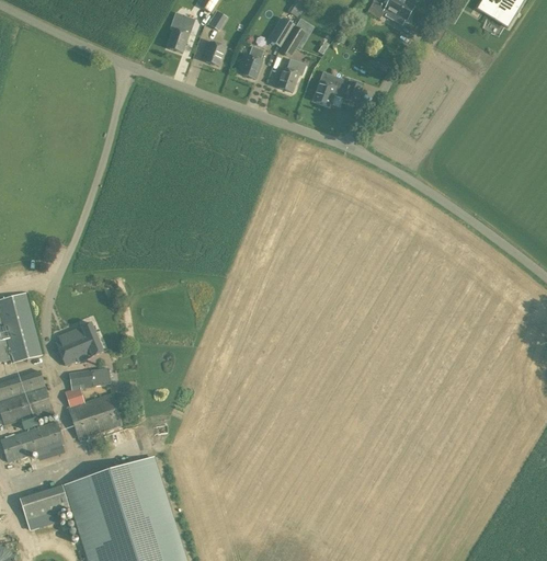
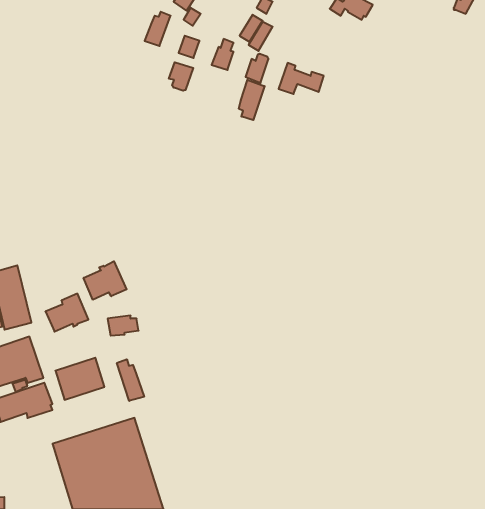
building: none -> [169,62,193,91]
building: none -> [239,80,265,120]
building: none -> [84,261,127,300]
building: [68,368,102,390] -> [108,316,139,336]
building: none -> [117,359,144,401]
building: [19,484,68,519] -> none

